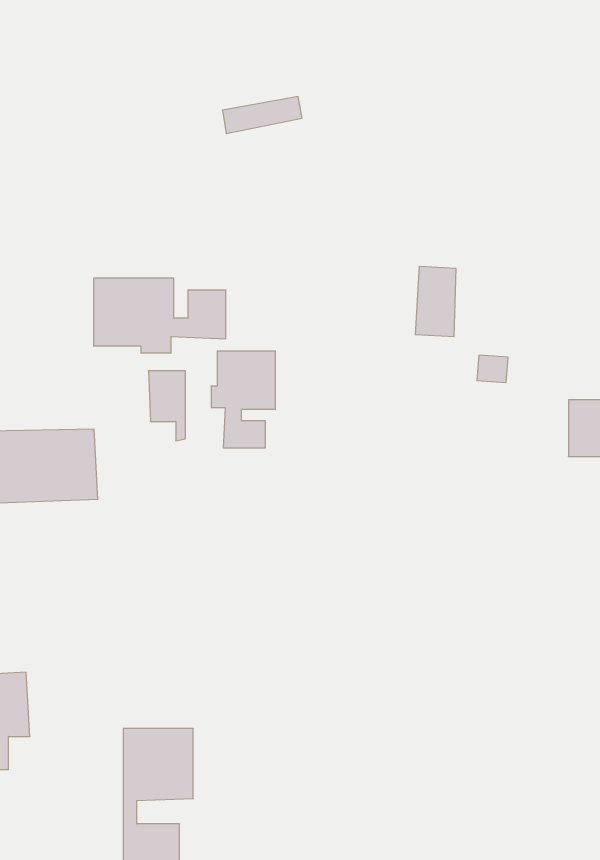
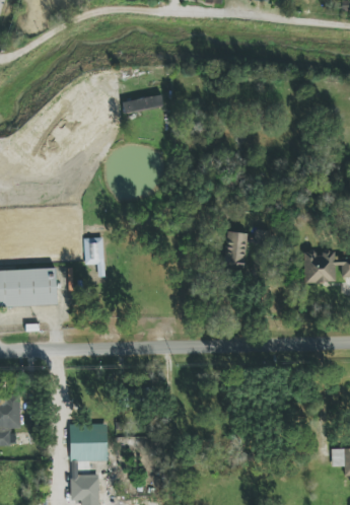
building: [415,267,456,337] -> [225,231,247,268]
building: [94,278,226,353] -> none
building: [211,351,275,448] -> none

